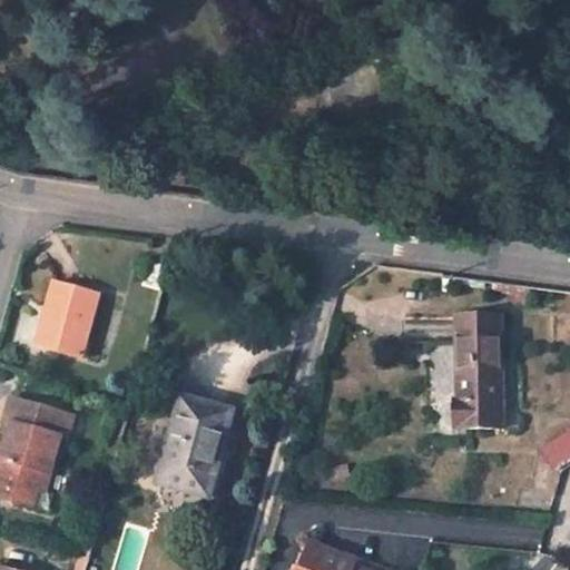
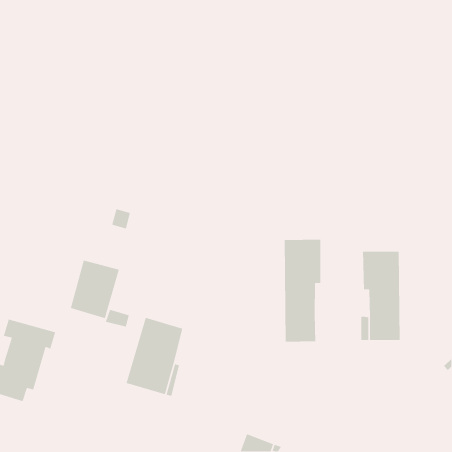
building: [35,281,97,355] -> [70,260,120,319]
building: none -> [284,239,321,342]

